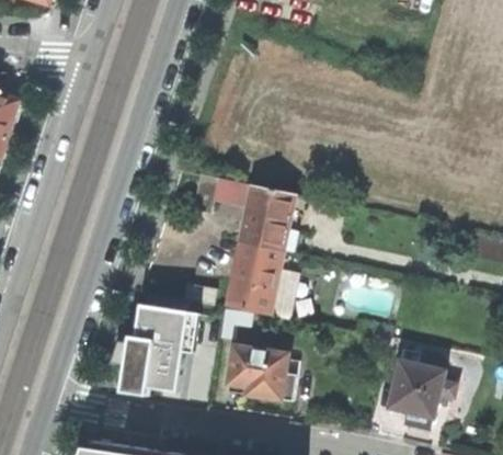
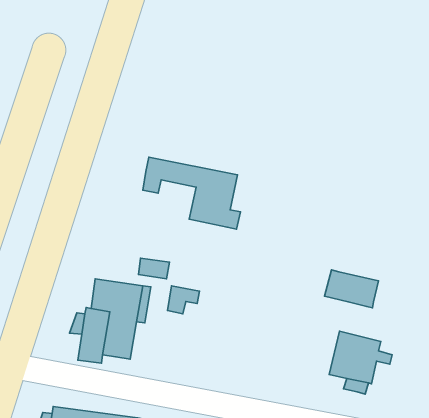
building: [226,241,287,318] -> none
building: none -> [325,270,378,308]
building: [225,345,297,402] -> none

